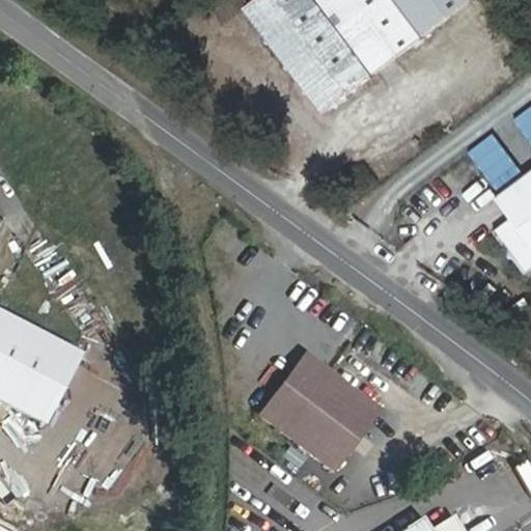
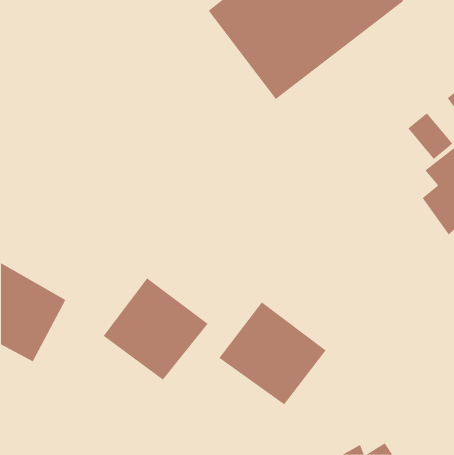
building: none -> [103,278,209,381]

